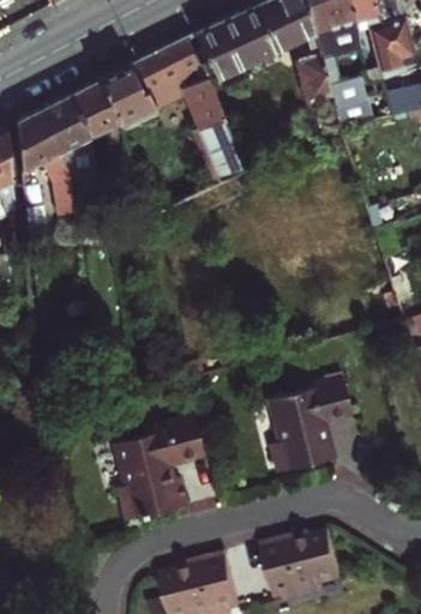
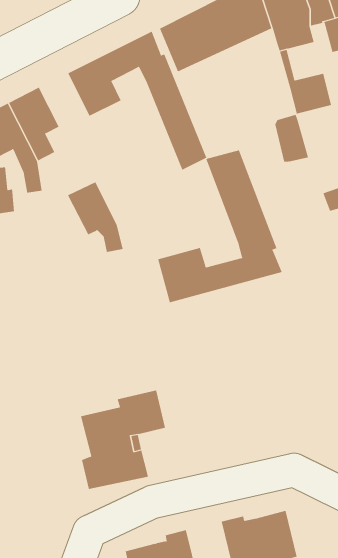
building: [296,52,332,102] -> [274,114,309,162]
building: [70,82,128,156] -> [67,182,123,252]
building: none -> [157,149,282,303]
building: [264,371,349,464] -> none

